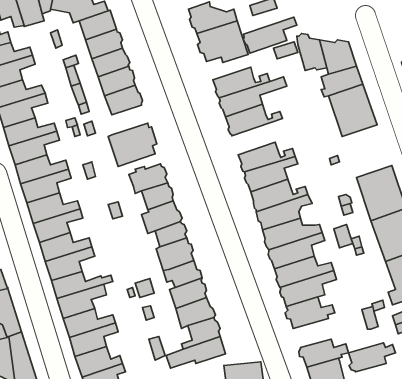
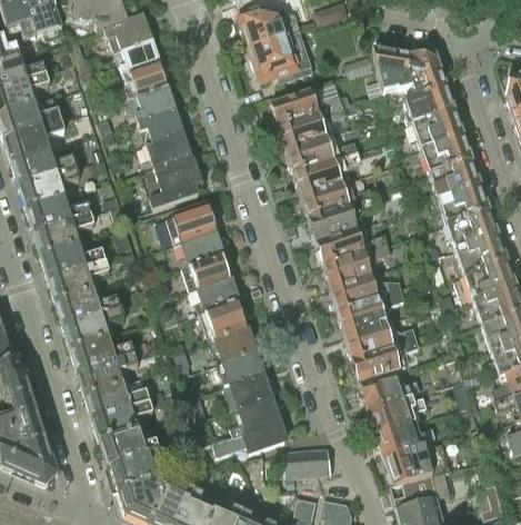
building: [243,17,297,53] -> [293,150,359,195]
building: none -> [142,133,190,170]
building: none -> [429,158,490,222]
building: [348,343,395,372] -> [369,396,427,432]

